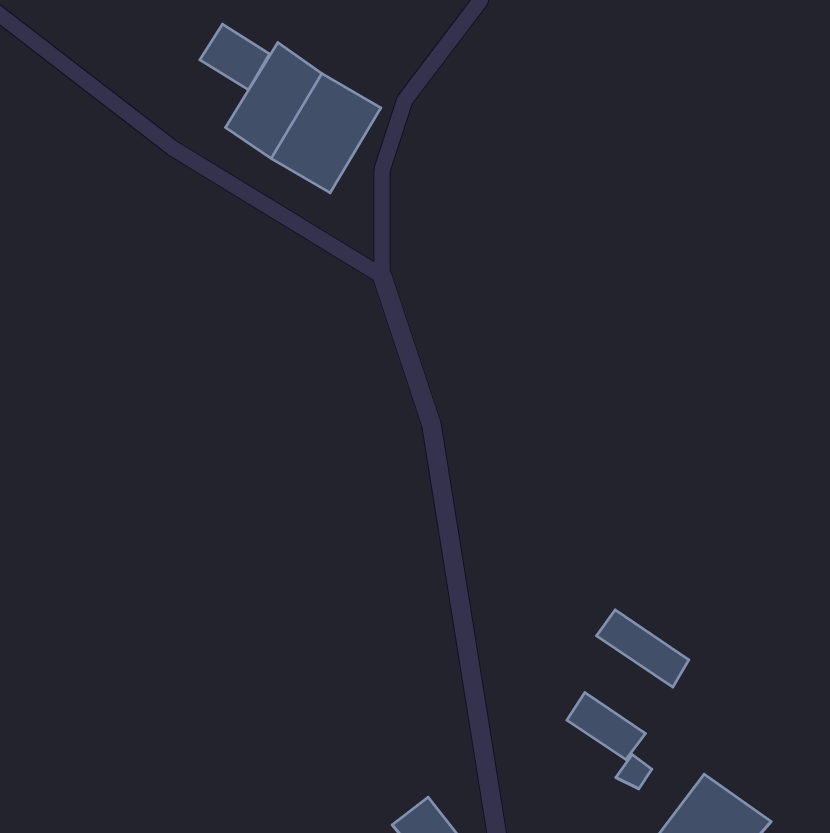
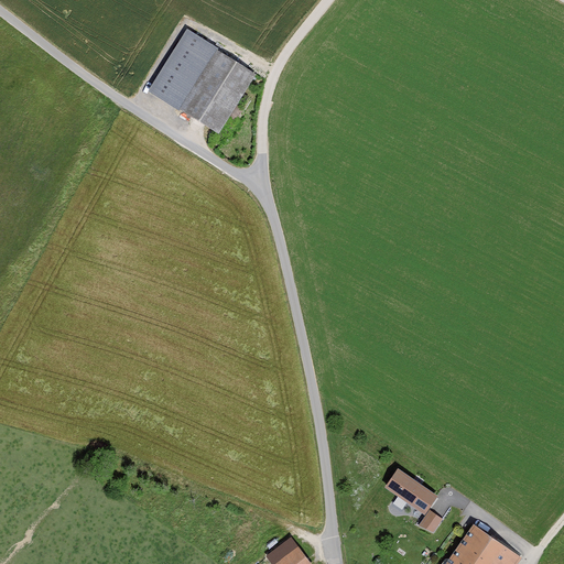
building: [200,24,269,90] -> none
building: [596,610,689,687] -> none

